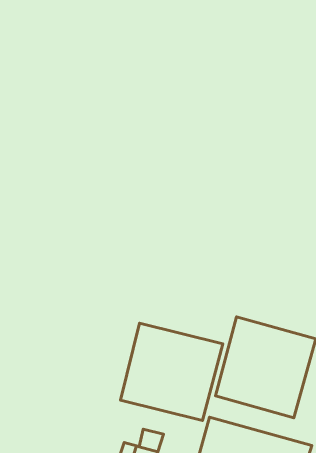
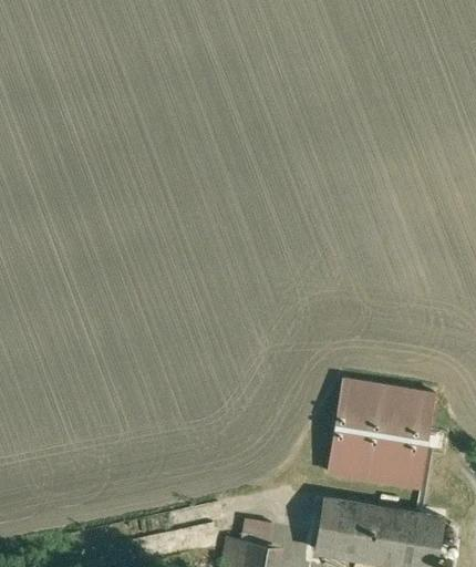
building: [120,323,223,420] -> none

